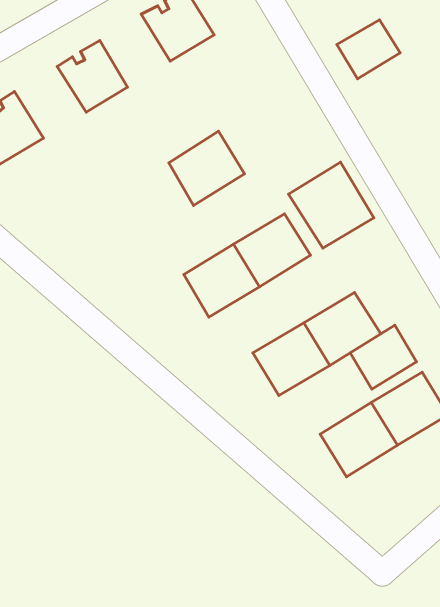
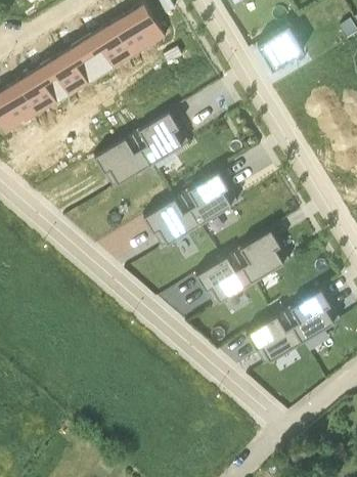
building: none -> [83,19,135,74]
building: none -> [19,58,73,112]
building: [288,162,374,248] -> none
building: none -> [96,130,152,184]
building: [350,325,417,389] -> none

